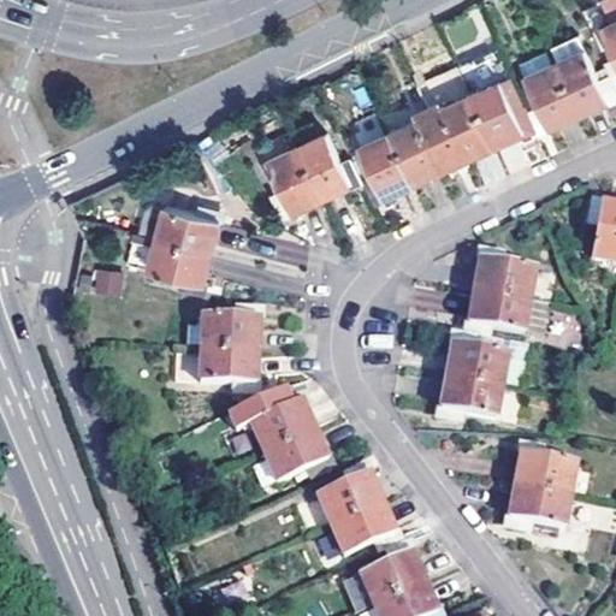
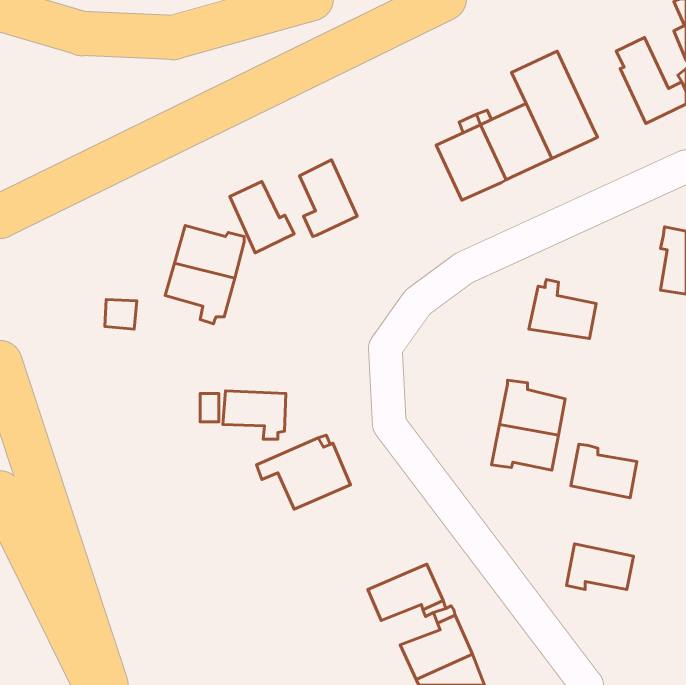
building: [520,48,579,130] -> none
building: [356,113,414,196] -> none
building: [297,130,355,194] -> [230,182,294,253]
building: [467,295,528,336] -> none
building: [202,307,259,353] -> none
building: [263,434,327,482] -> none
building: [515,450,574,498] -> [571,444,637,498]
building: [316,467,383,528] -> none

